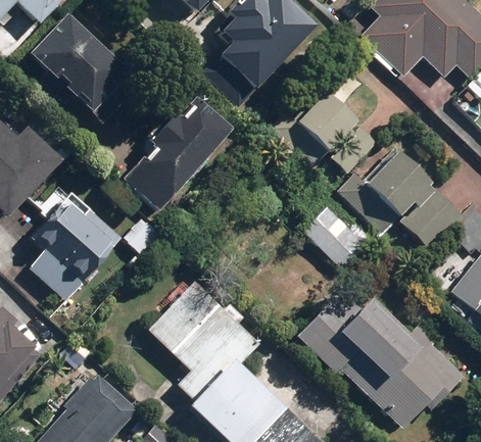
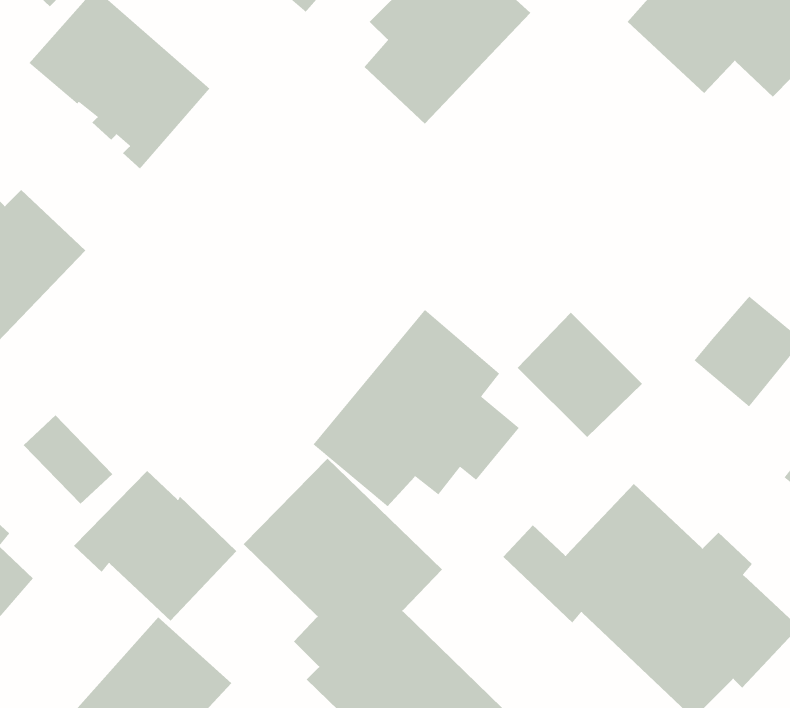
building: [292,89,358,155] -> none
building: [124,95,231,210] -> none
building: [339,149,436,218] -> none
building: [30,191,123,277] -> [73,470,237,622]
building: none -> [313,309,520,507]

